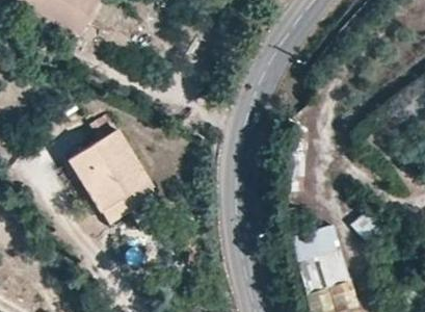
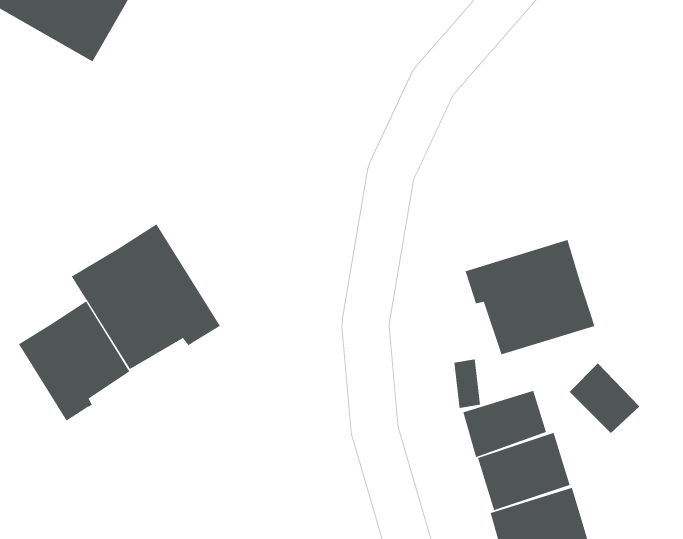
building: none -> [465,239,595,355]
building: none -> [18,301,130,422]

